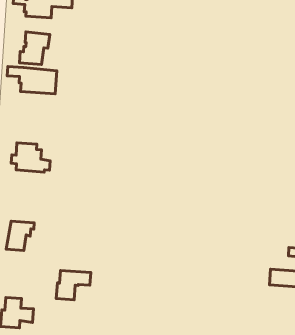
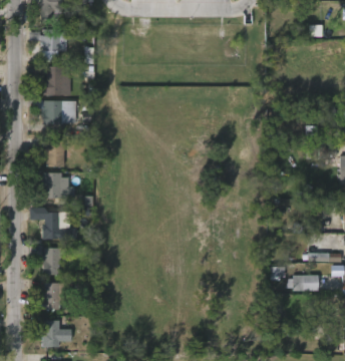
building: none -> [43,141,64,167]
building: none -> [40,212,75,240]
building: [56,270,91,300] -> [42,283,73,310]

